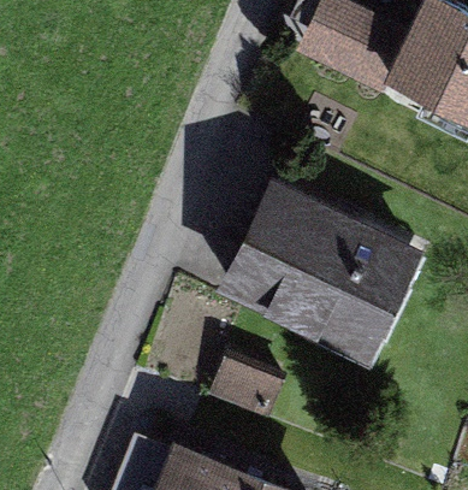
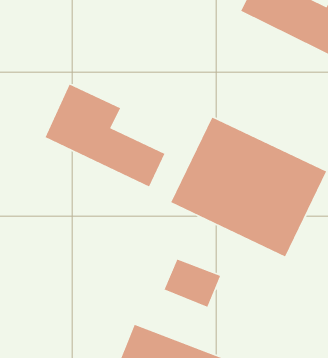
building: none -> [44,84,165,187]

